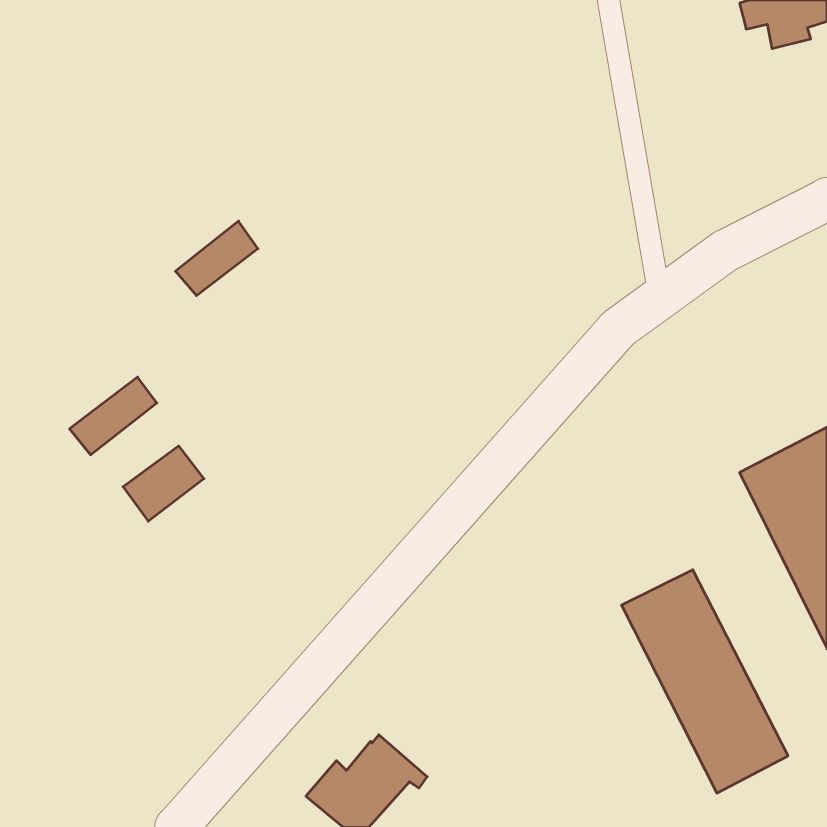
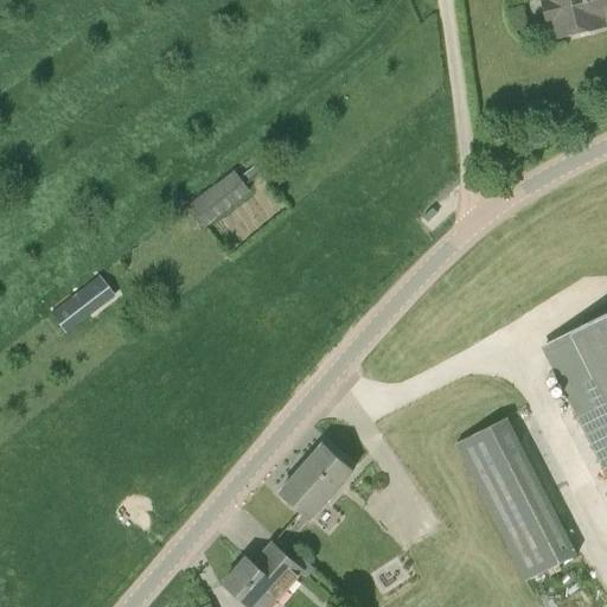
building: [175,221,258,296] -> [190,171,250,225]
building: [123,446,204,521] -> none
building: none -> [280,443,354,519]

